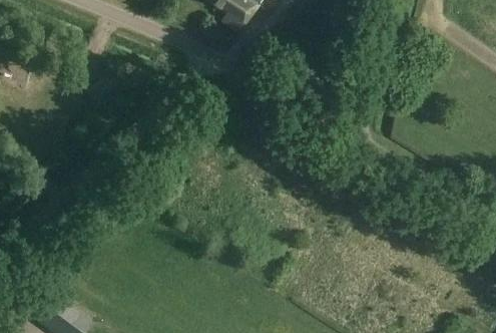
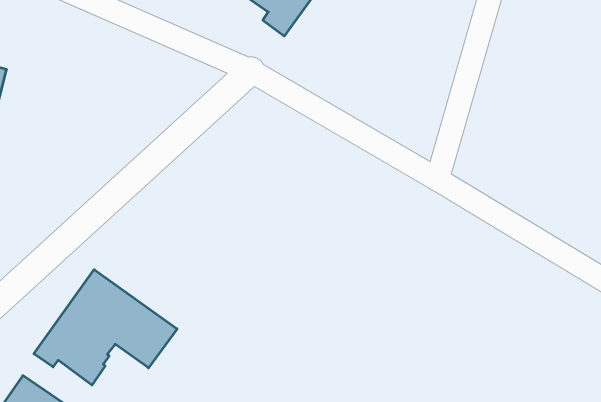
building: none -> [34,270,177,385]

